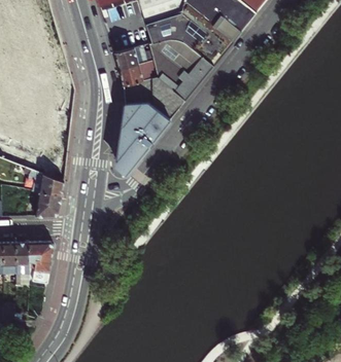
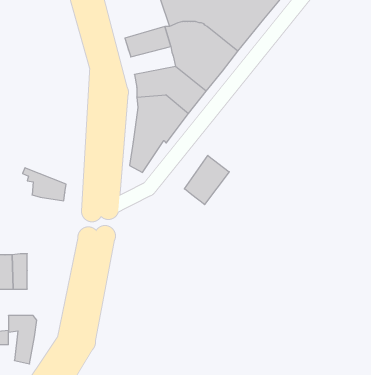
building: [118,60,158,84] -> none
building: none -> [184,155,229,205]
building: [35,191,60,216] -> none
building: [28,241,53,283] -> [8,316,37,364]

